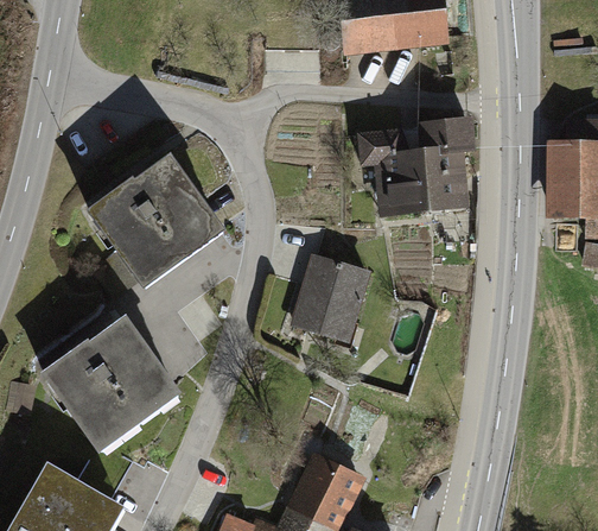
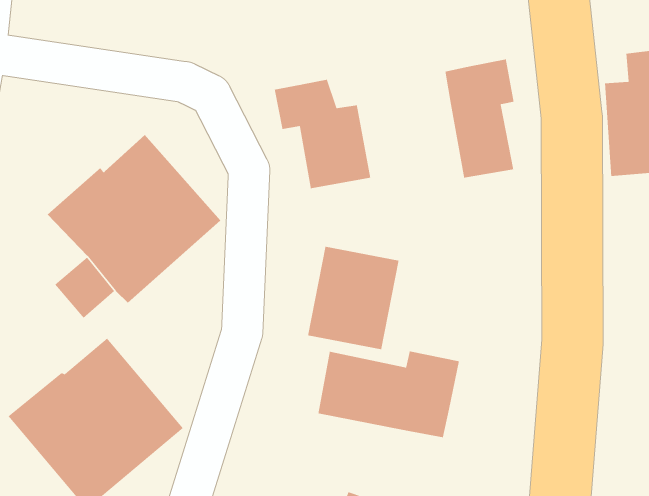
building: [354,127,426,215] -> [274,79,371,189]
building: none -> [318,351,460,438]

